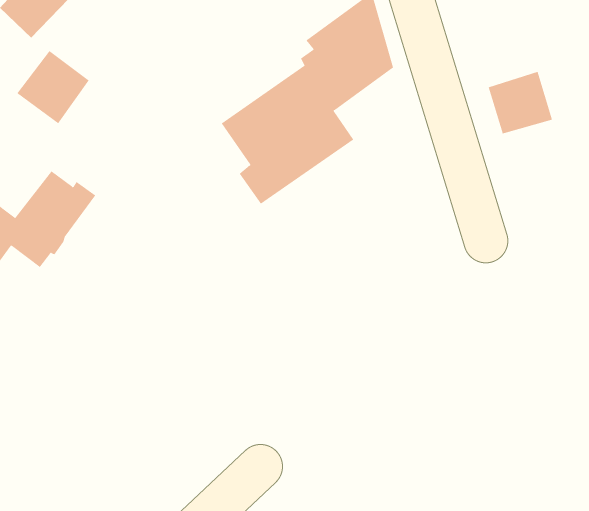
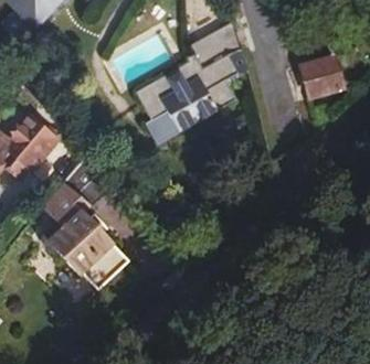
building: [16,50,90,124] -> none
building: none -> [44,153,129,290]

